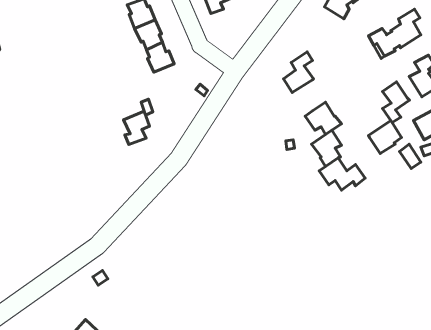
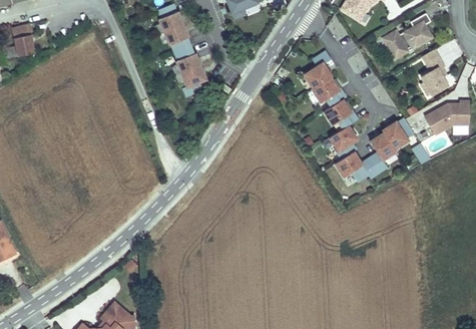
building: none -> [311,79,345,108]
building: [383,82,409,123] -> [370,133,395,172]
building: [124,111,149,144] -> [181,64,205,95]

